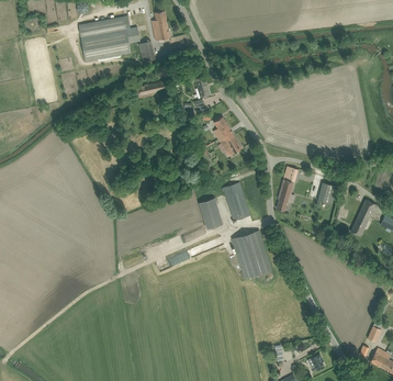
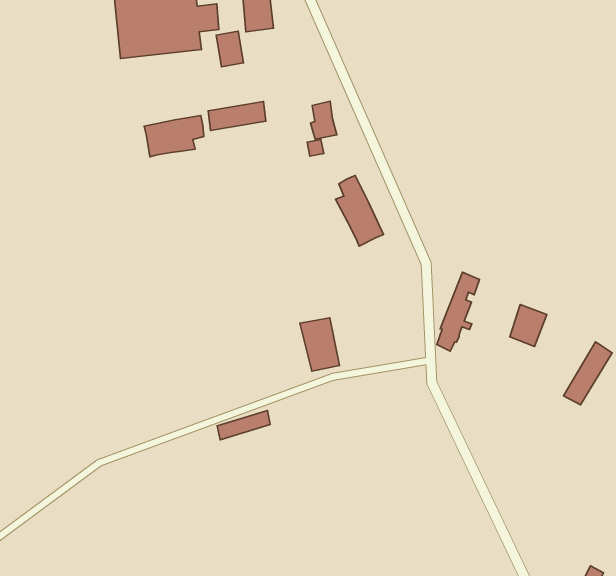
building: none -> [144,116,204,157]
building: [223,181,250,221] -> none
building: [233,229,271,278] -> none

